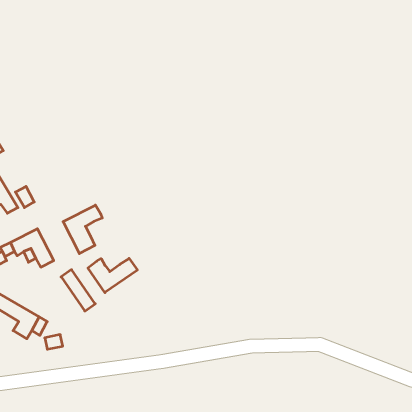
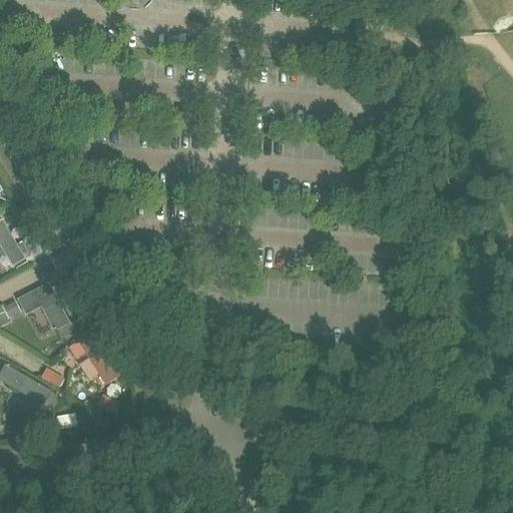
building: [63,205,102,254] -> none
building: [88,258,137,293] -> none

